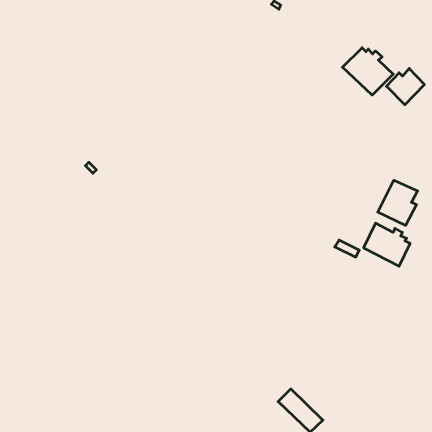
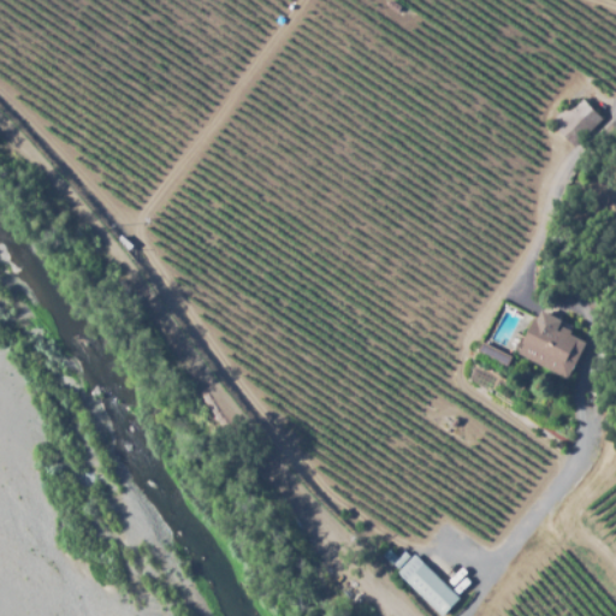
building: [342,48,393,95] -> none
building: [378,180,418,225] -> none

